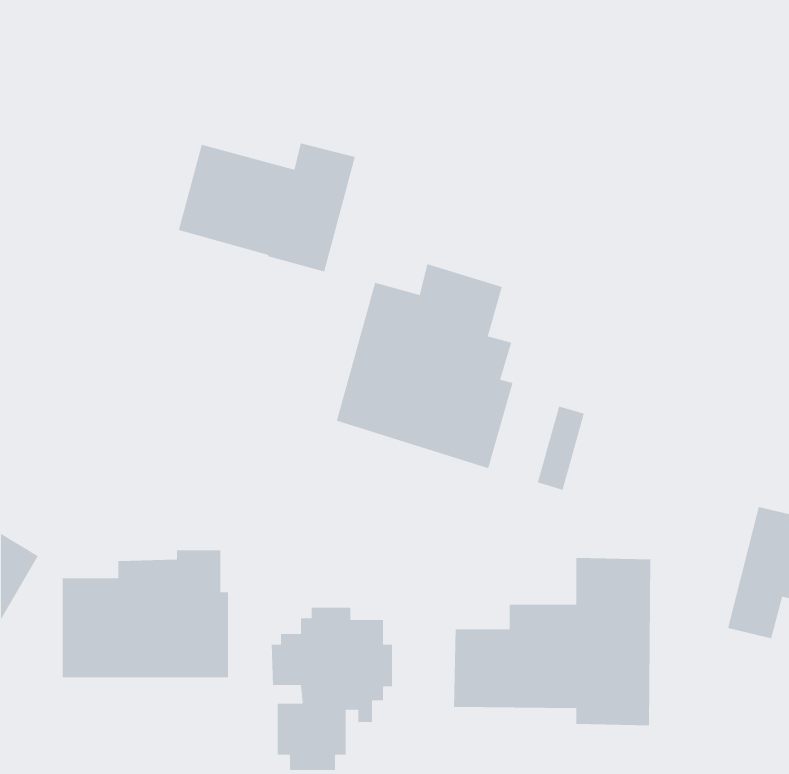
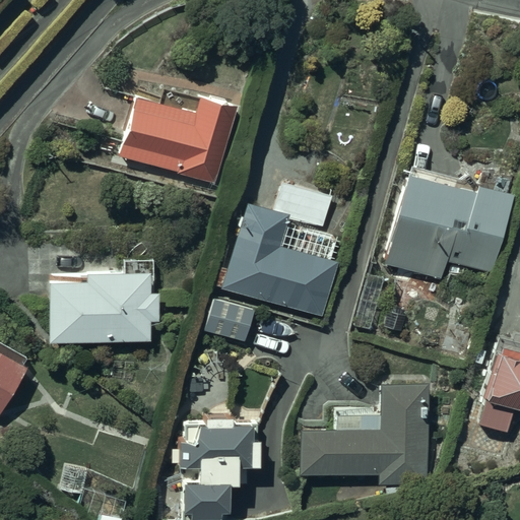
building: none -> [384,167,514,280]
building: none -> [203,296,255,342]
building: [62,550,229,678] -> [49,258,158,342]

